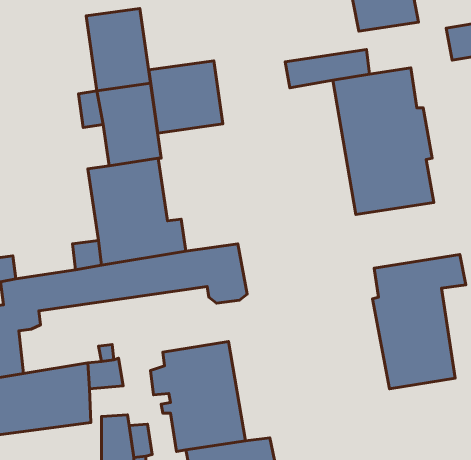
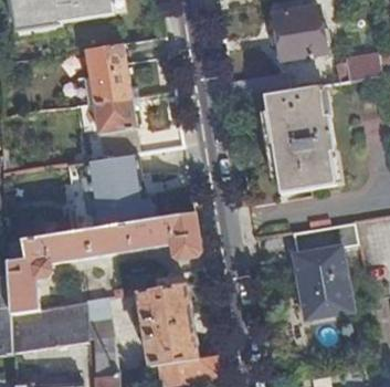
building: [149,61,223,133] -> none

